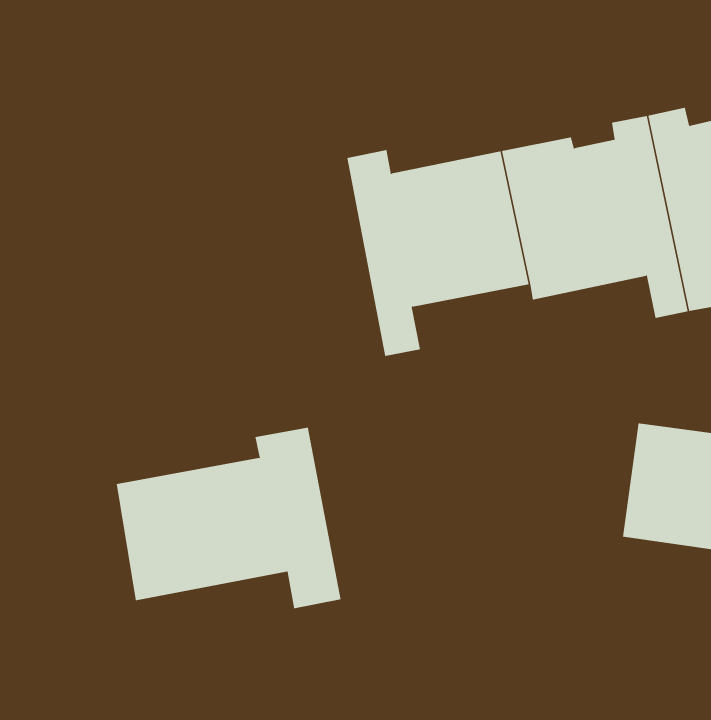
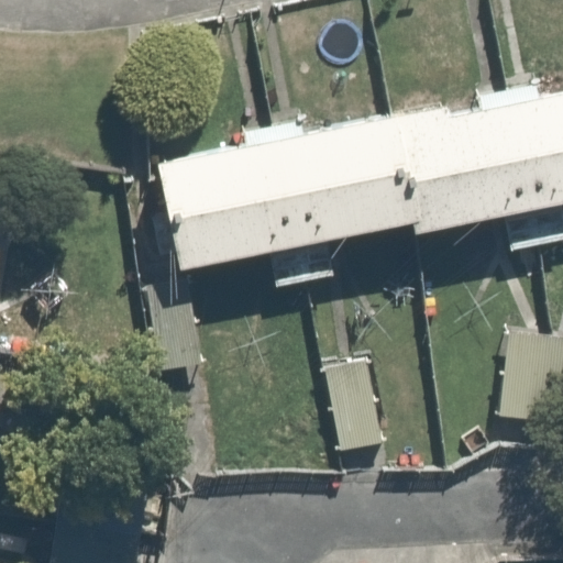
building: none -> [165,123,307,283]
building: [116,427,341,609] -> none

